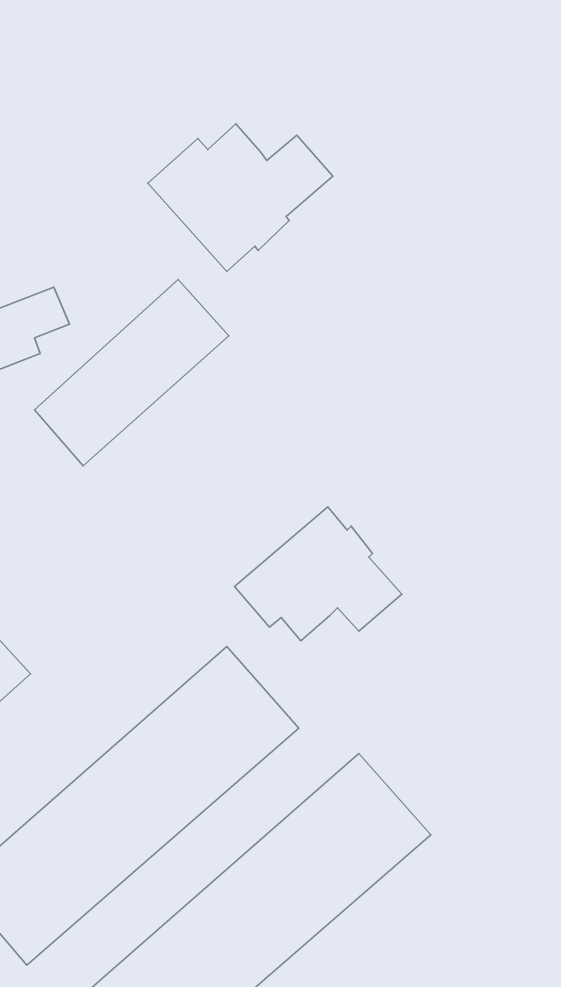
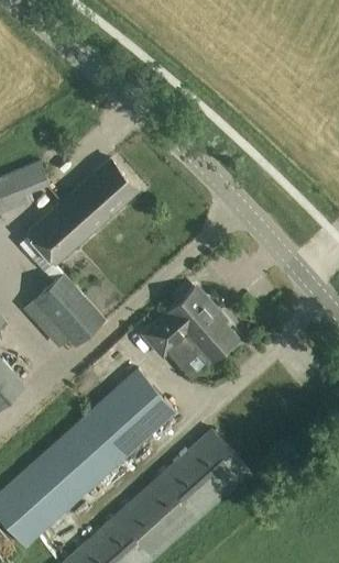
building: [148,124,333,271] -> none
building: none -> [24,272,107,347]

